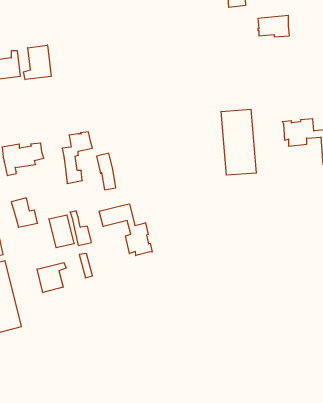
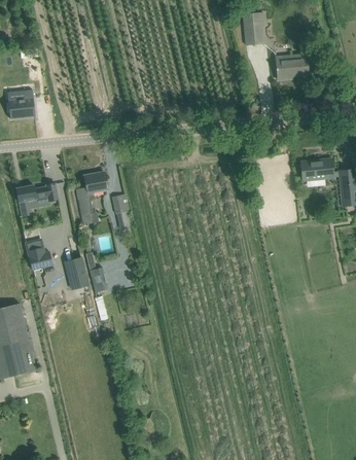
building: [23,45,51,80] -> none
building: [221,109,256,175] -> none
building: [99,204,152,256] -> none
building: [37,263,66,293] -> none

